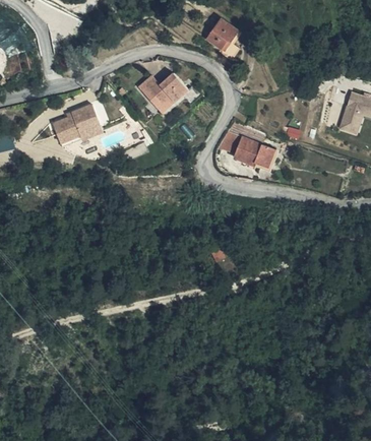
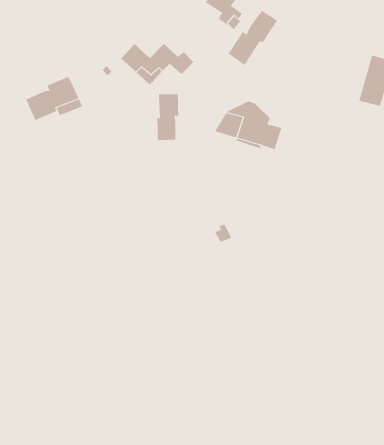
building: none -> [228,10,278,66]
building: none -> [157,93,179,141]

